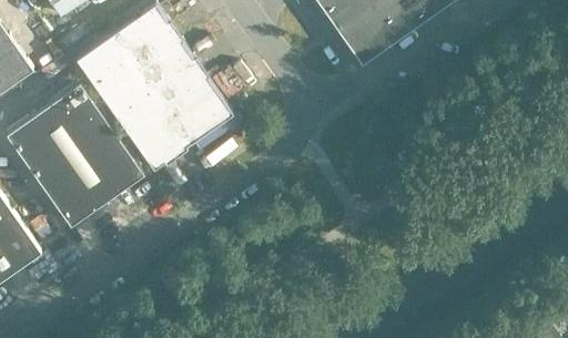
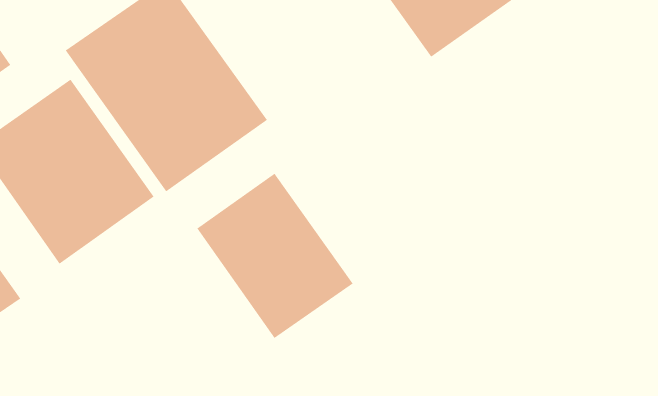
building: none -> [197,173,353,339]

